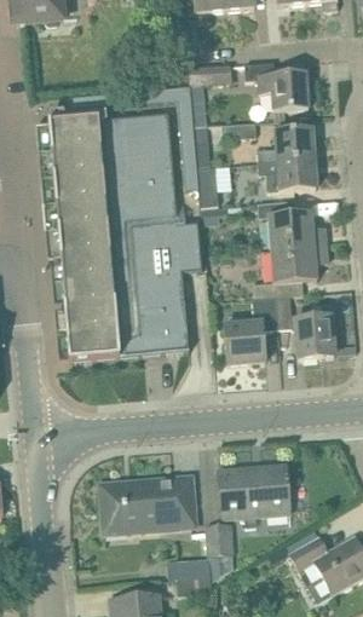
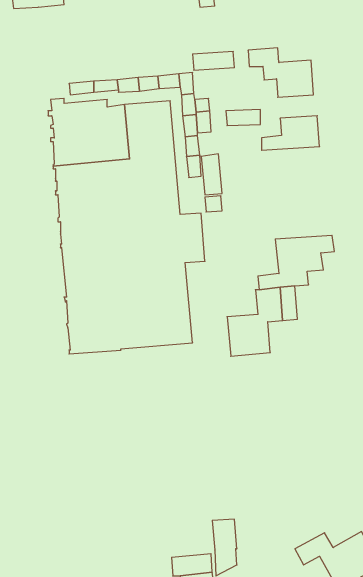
building: [258,158,317,191] -> none
building: [258,200,327,249] -> none
building: [295,316,334,358] -> none
building: [219,465,289,518] -> none
building: [100,477,196,534] -> none

